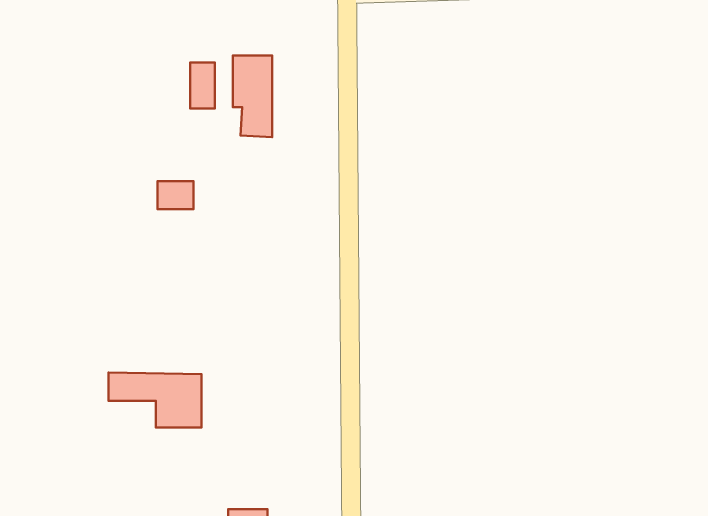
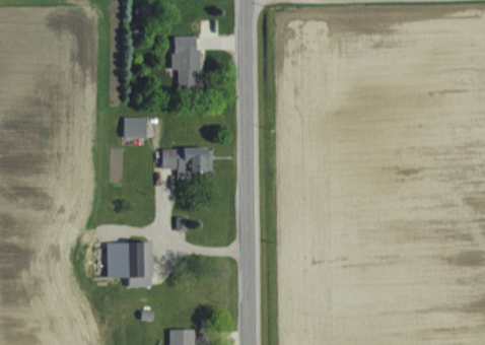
building: [190,63,215,109] -> none
building: none -> [161,149,212,171]

